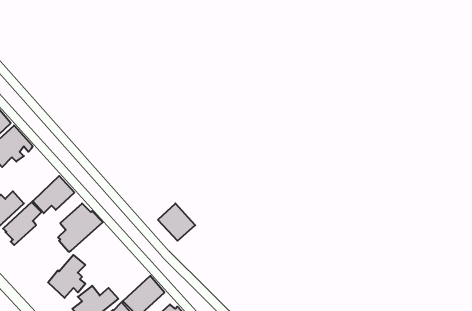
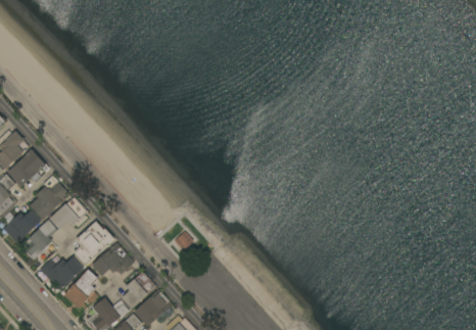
building: none -> [29,176,69,221]
building: none -> [91,243,134,277]
building: none -> [39,256,84,291]
building: none -> [121,272,155,310]

